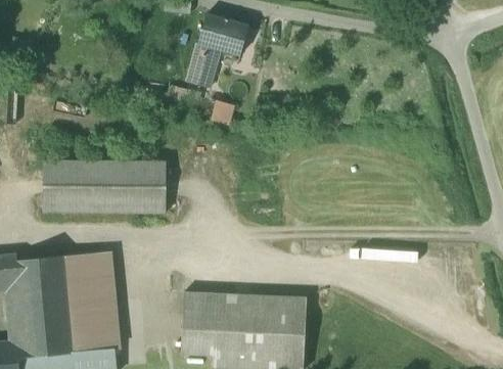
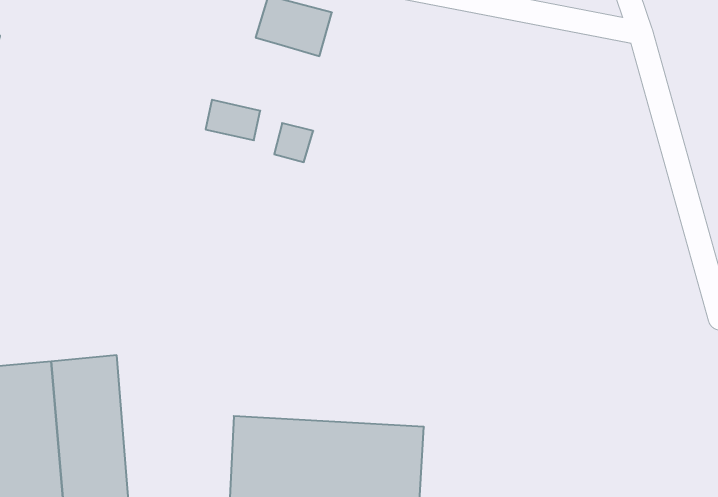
building: [187,43,215,86] -> none
building: [42,160,166,213] -> none

